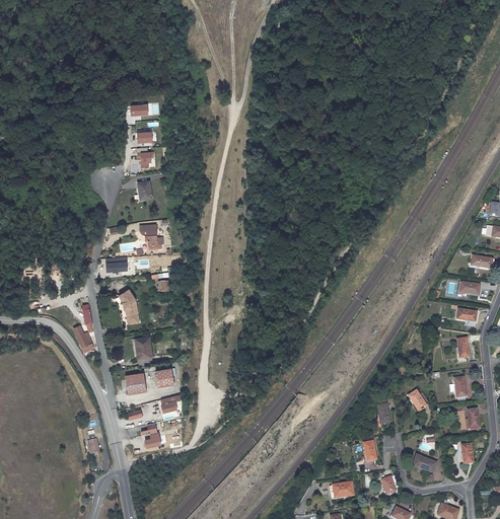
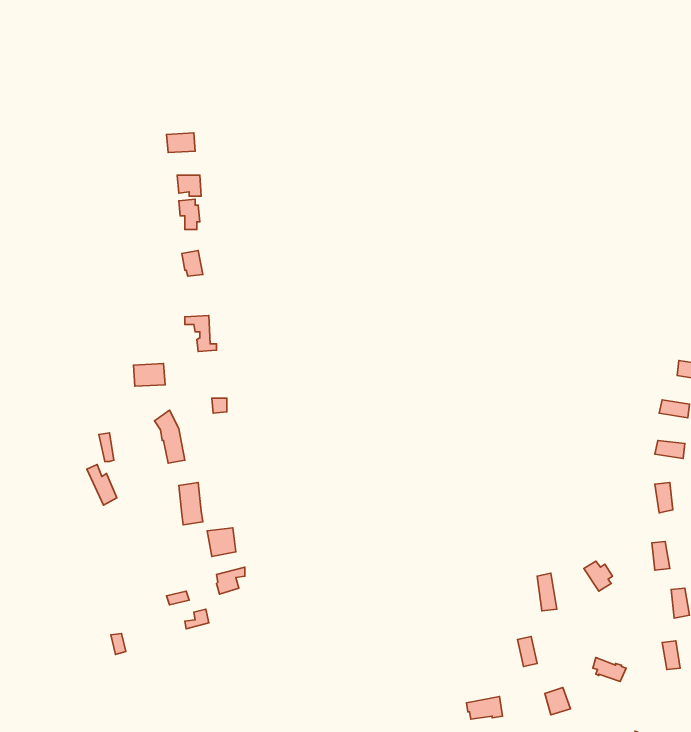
building: [125,372,147,394] -> none

